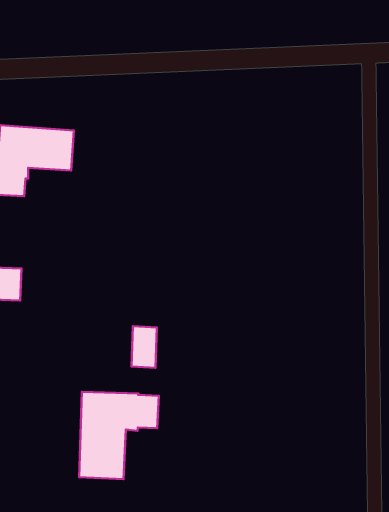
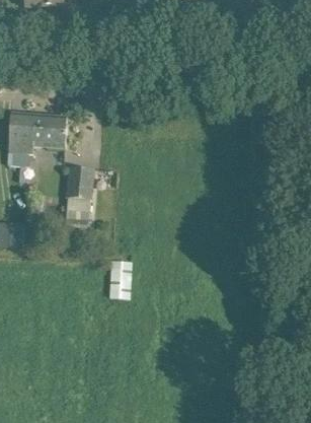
building: none -> [65,165,94,218]
building: [79,392,159,479] -> none

